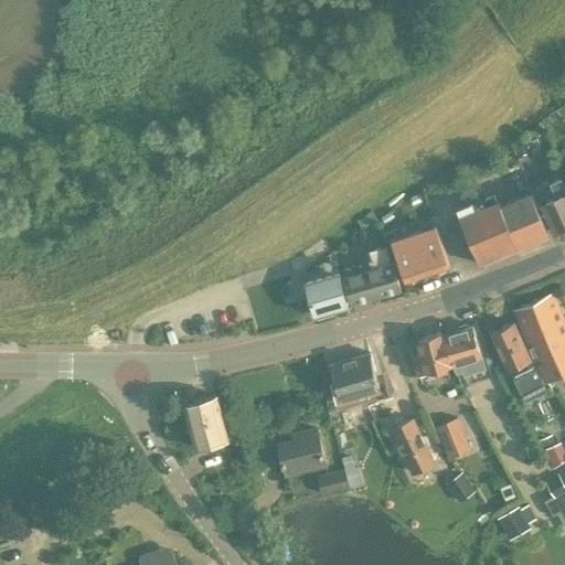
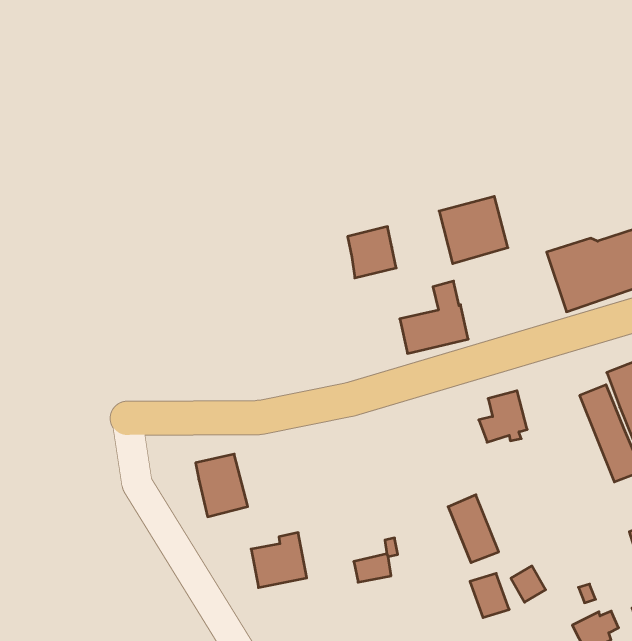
building: [391,227,448,284] -> [439,196,508,264]
building: [306,275,347,318] -> [348,227,396,278]
building: [441,324,486,374] -> none
building: [330,353,379,397] -> none
building: [436,425,469,461] -> [470,573,509,618]
building: [278,429,324,476] -> [251,533,307,588]

